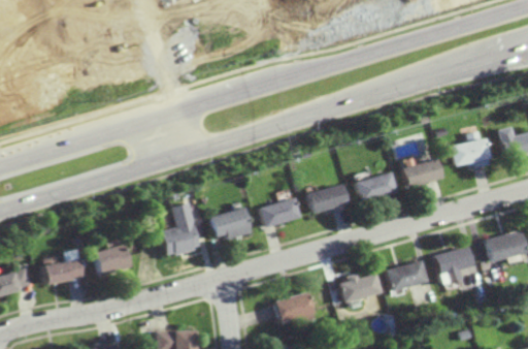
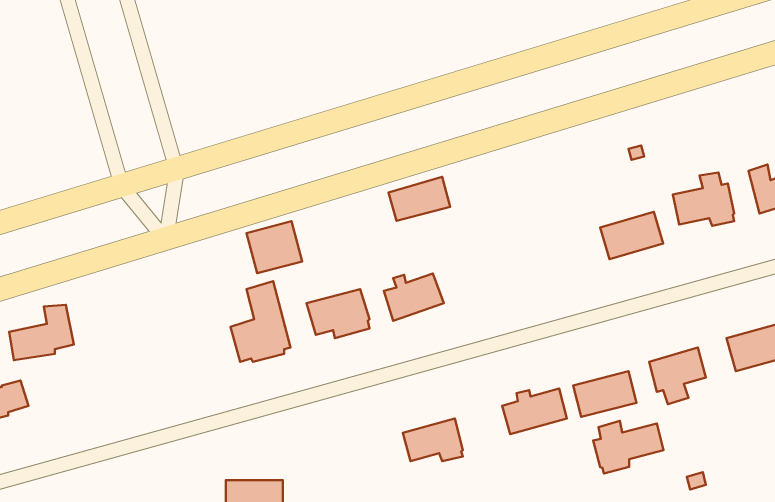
building: none -> [246,221,302,273]
building: [357,171,397,201] -> none
building: [308,184,349,213] -> [389,177,450,221]
building: [94,244,134,277] -> none
building: [41,249,84,285] -> [9,305,74,360]
building: none -> [593,421,664,473]

